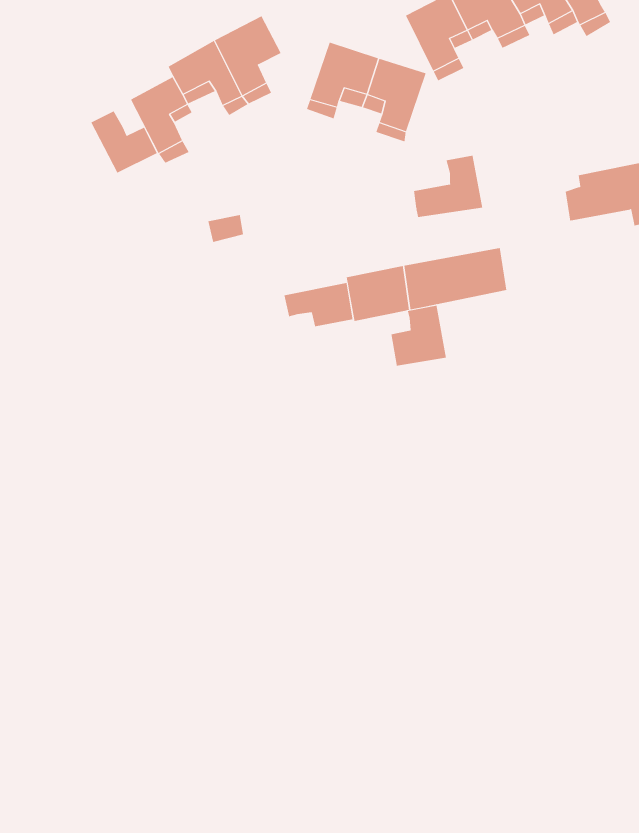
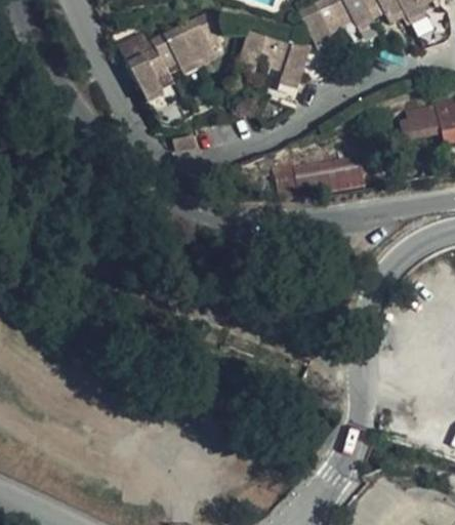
building: [91,111,157,173] -> none
building: [414,155,483,218] -> none
building: [284,282,353,327] -> none
building: [391,305,447,366] -> none

